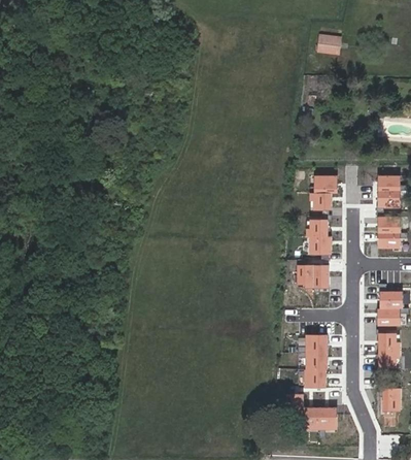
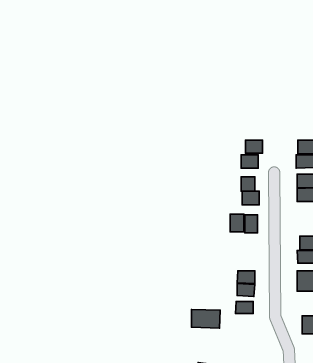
building: [317,34,342,56] -> none
building: [302,407,337,430] -> [192,309,220,328]

